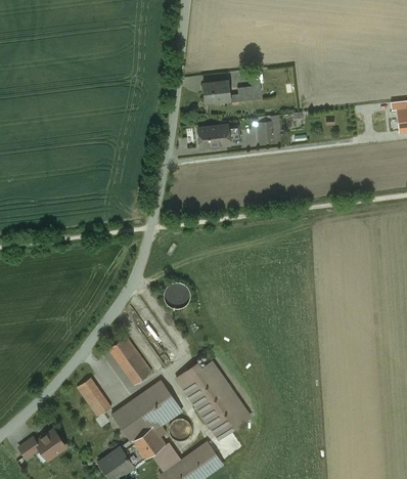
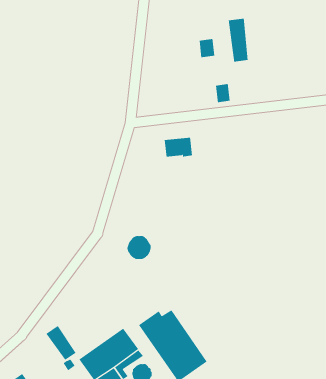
building: none -> [228,18,248,63]
building: [202,80,230,103] -> none
building: [198,125,229,146] -> [164,137,193,157]
building: [108,336,151,384] -> none

